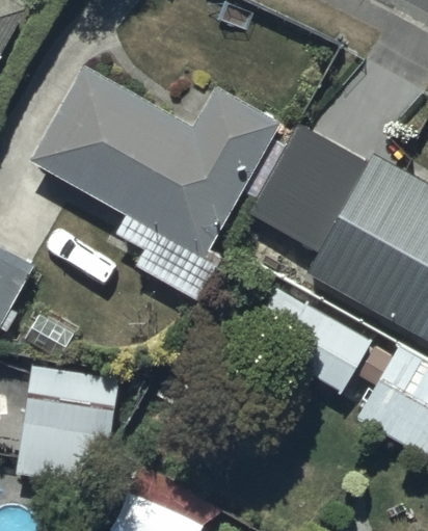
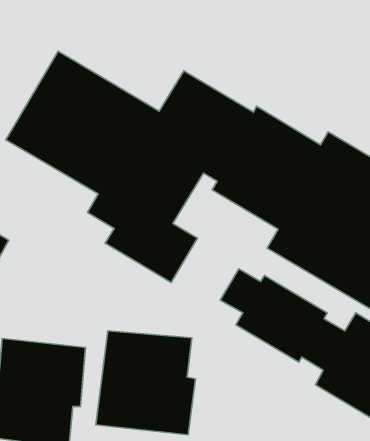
building: none -> [96,331,196,435]

